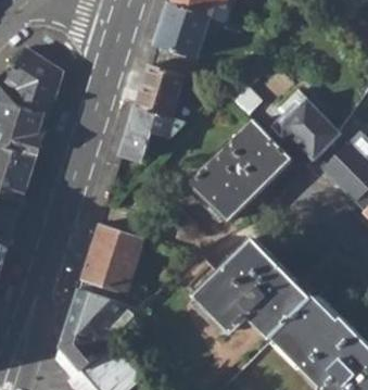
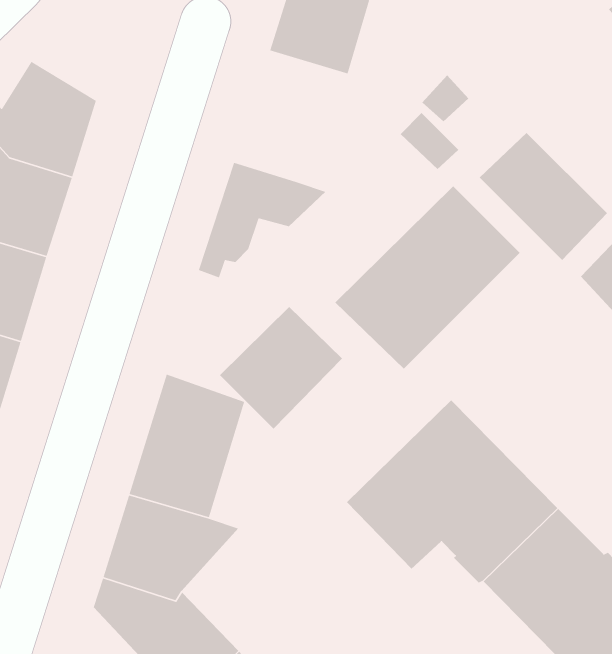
building: [135,64,182,116] -> none
building: none -> [219,306,343,429]

